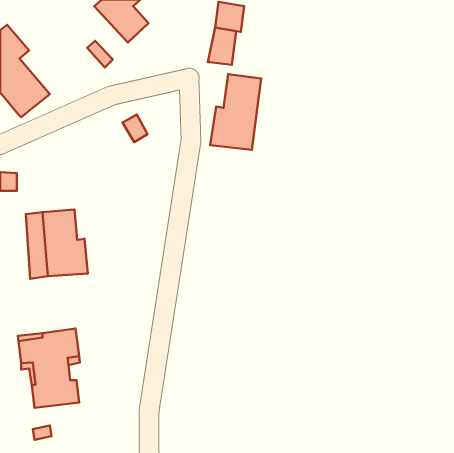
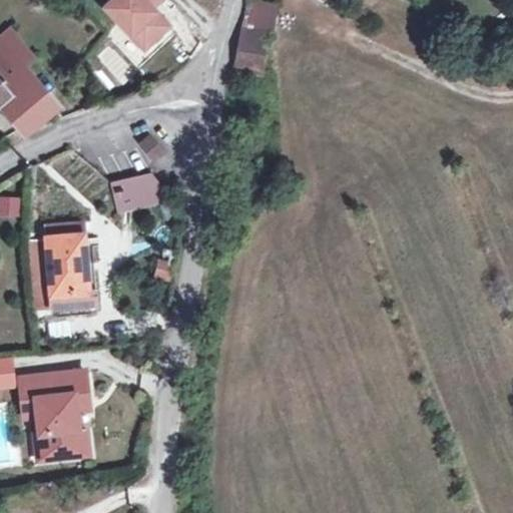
building: [210,74,261,150] -> none
building: none -> [110,172,169,213]

